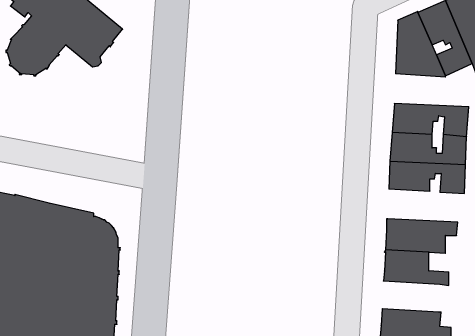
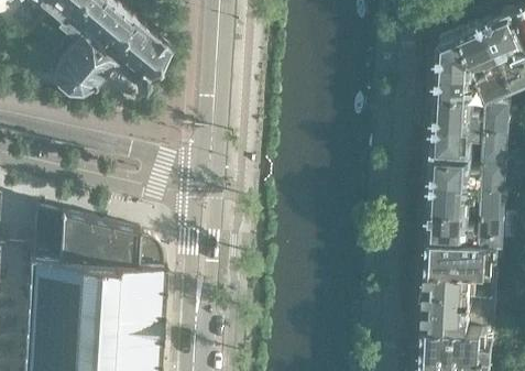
building: none -> [437,94,512,127]
building: none -> [430,208,506,242]
building: none -> [425,299,482,330]

